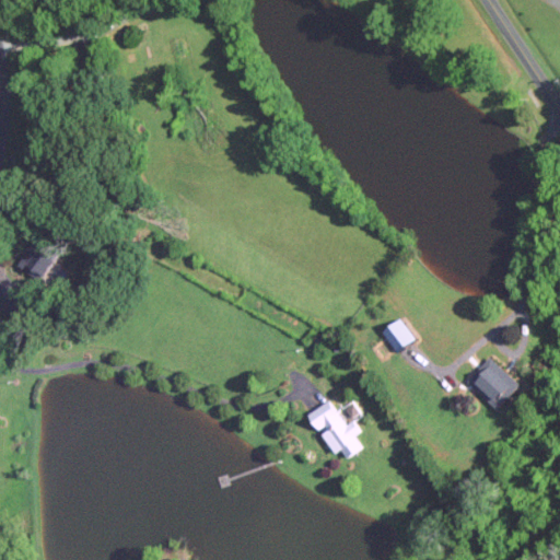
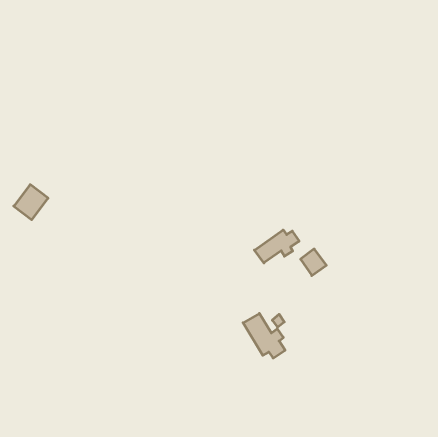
building: none -> [254,230,299,263]
building: [467,358,520,410] -> none

